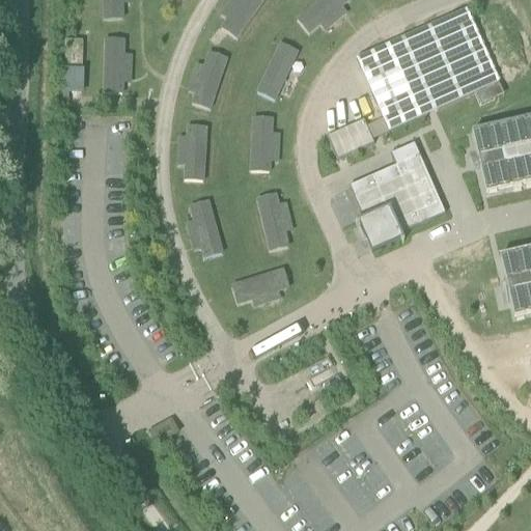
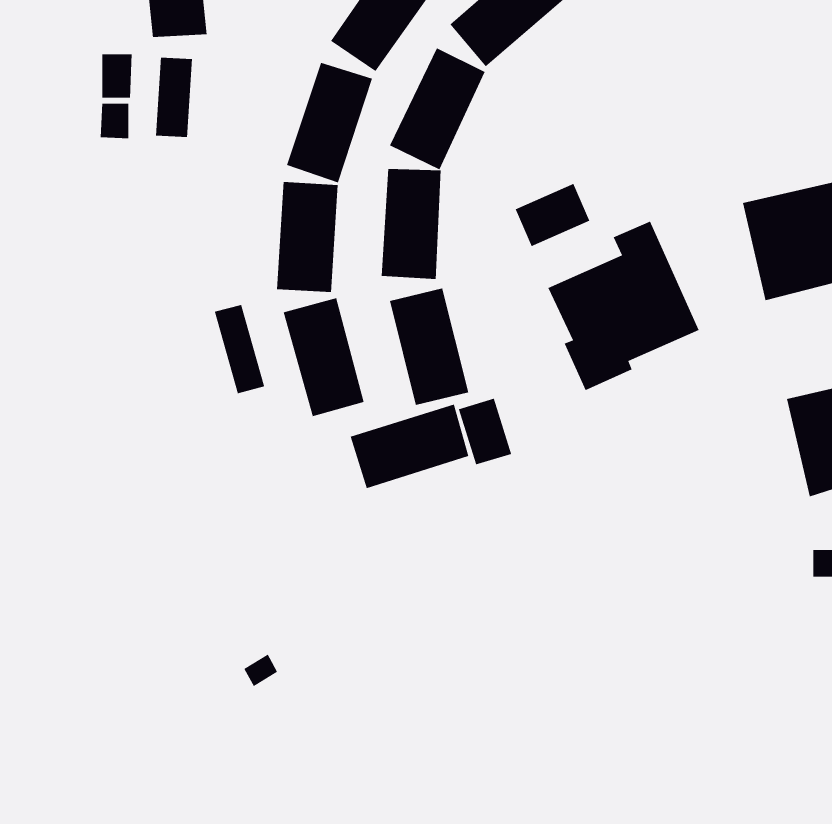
building: [358,6,500,122] -> none
building: none -> [214,304,265,394]
building: none -> [458,398,512,465]

